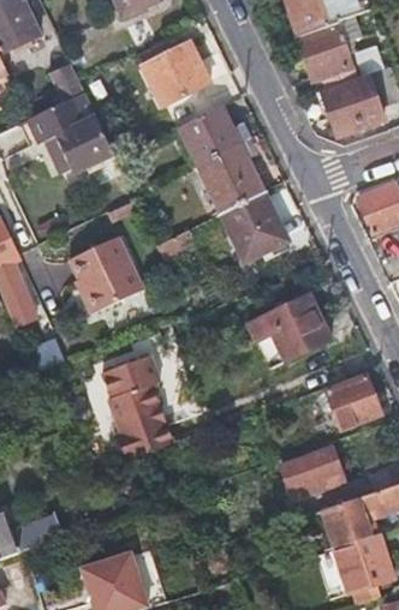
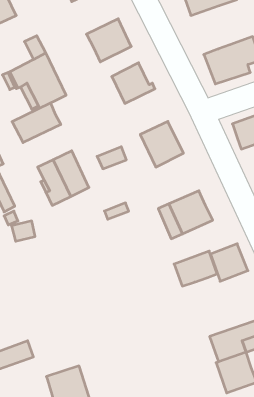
building: [296,20,353,84] -> none
building: [198,143,262,210] -> none
building: none -> [12,103,61,143]
building: [101,354,174,460] -> none
building: [281,447,345,498] -> [174,251,217,286]

